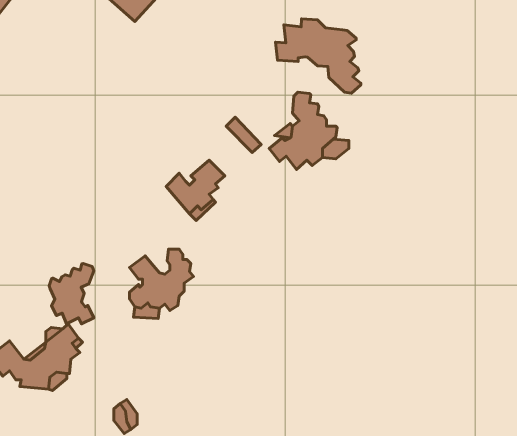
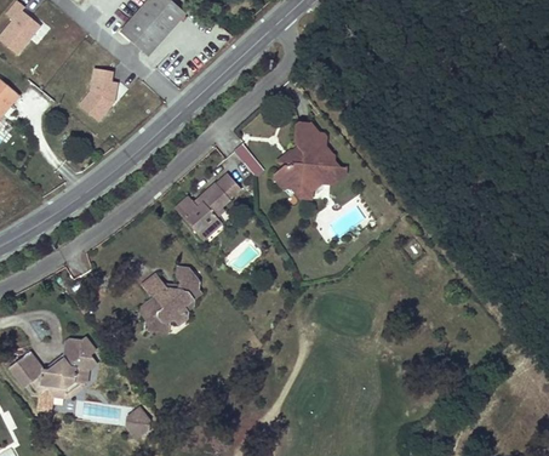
building: [276,19,361,93] -> none
building: none -> [78,67,118,122]
building: [49,263,94,324] -> none

